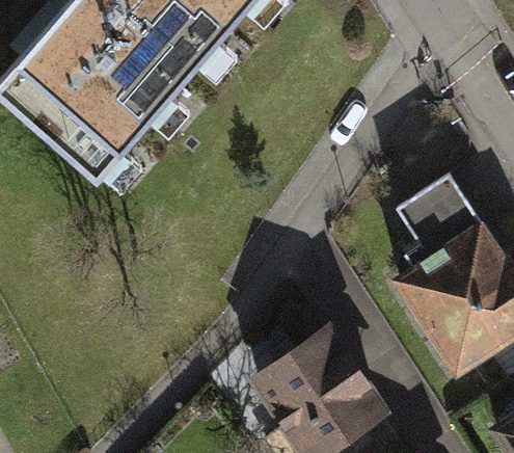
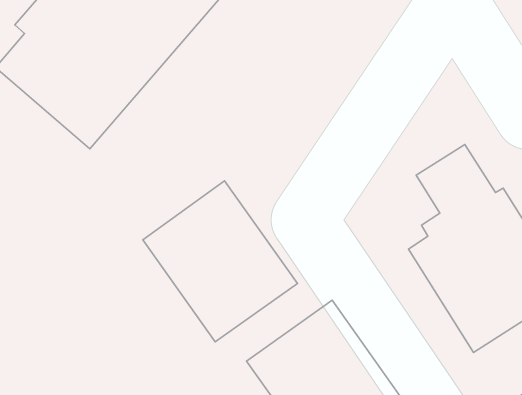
building: none -> [143,181,298,342]

